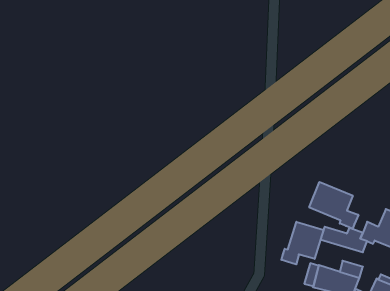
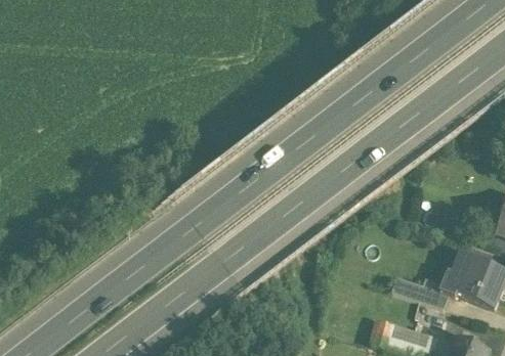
building: [309,182,358,229] -> none
building: [281,222,323,264] -> none

